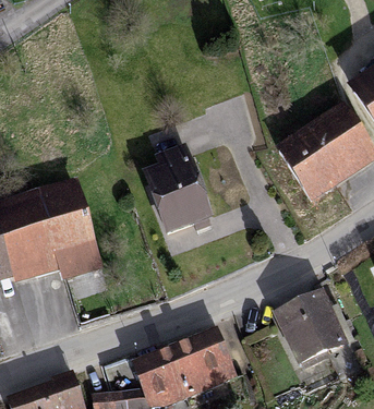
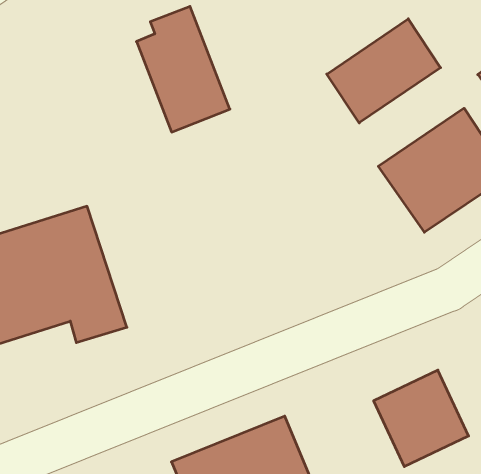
building: none -> [327,19,441,123]
building: [146,147,213,237] -> [136,6,230,132]

